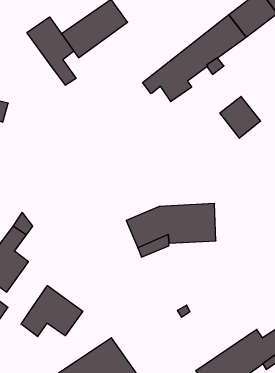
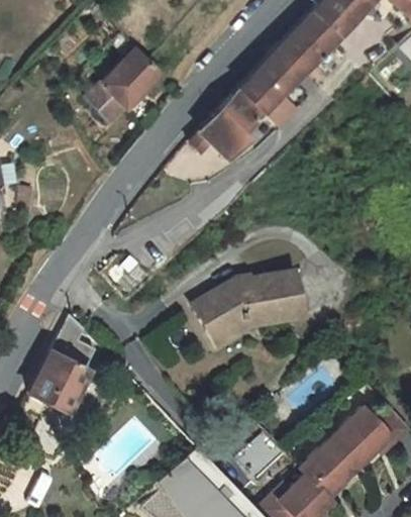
building: [27,17,76,85] -> none
building: [220,96,261,138] -> none
building: [21,286,83,337] -> none

